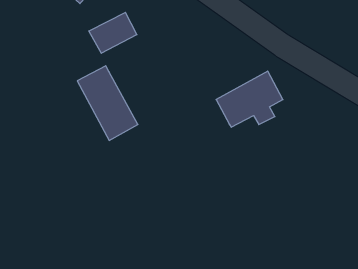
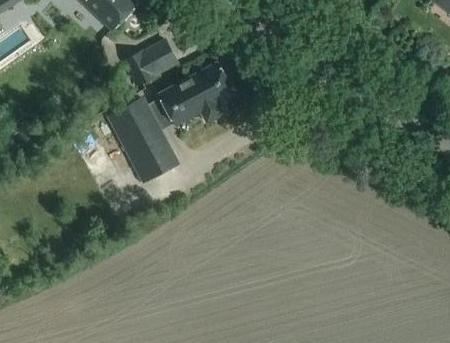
building: [216,71,283,127] -> [159,63,234,126]

